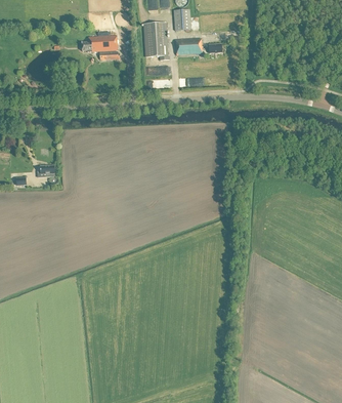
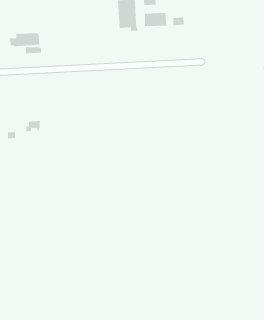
building: [81,35,119,59] -> [9,33,42,54]

